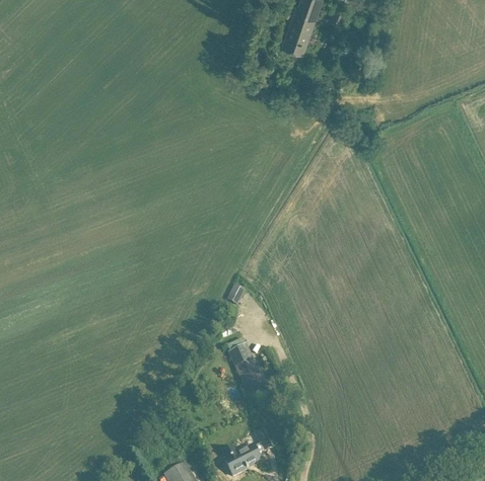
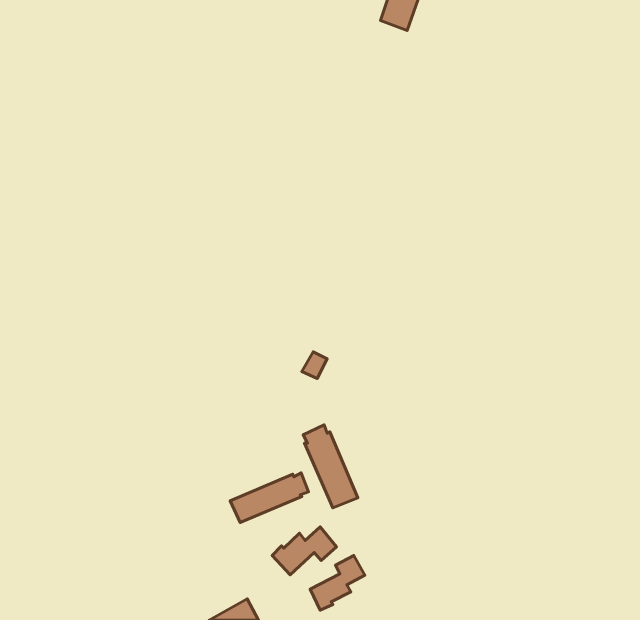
building: none -> [230,473,308,522]
building: none -> [272,527,336,575]

